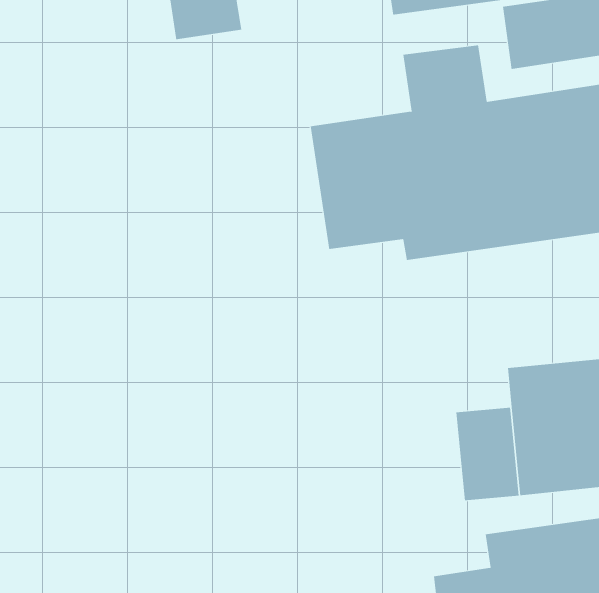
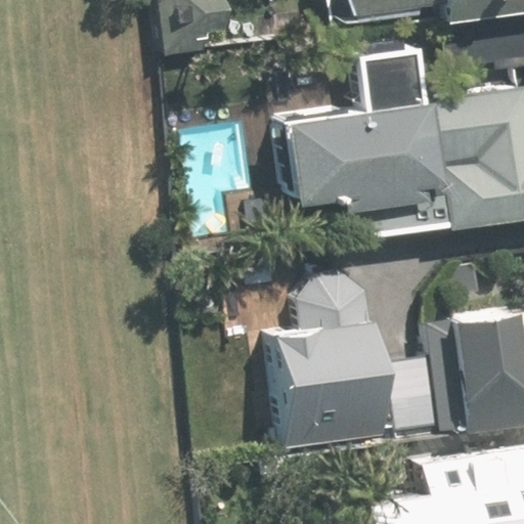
building: none -> [280,267,394,444]

